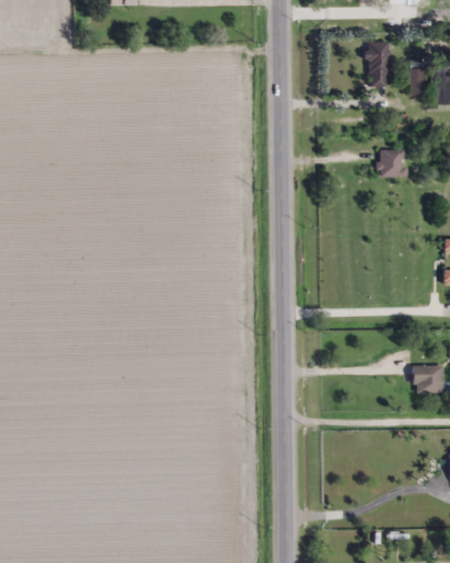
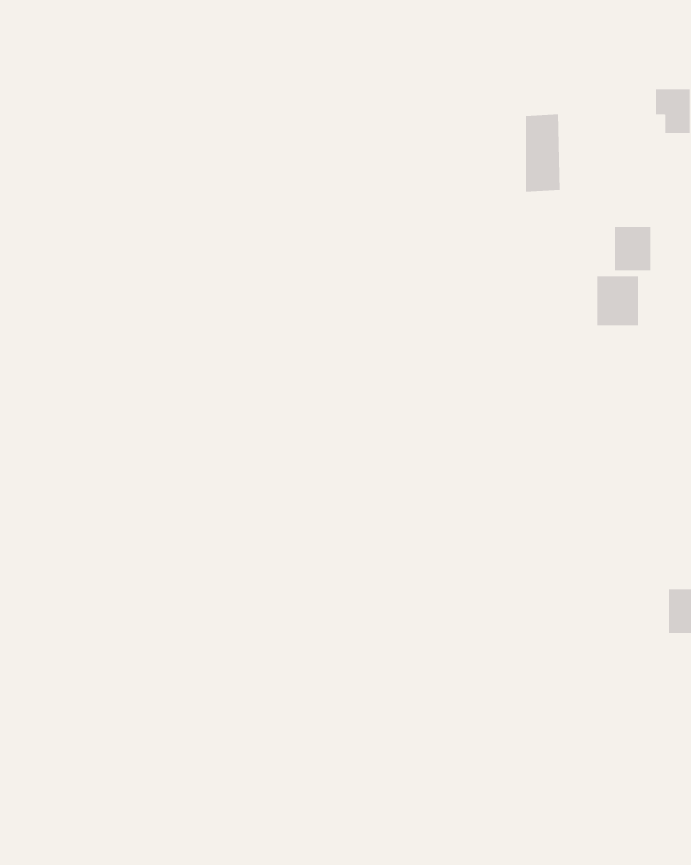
building: [369,41,389,87] -> [525,114,561,192]
building: none -> [597,276,639,326]

